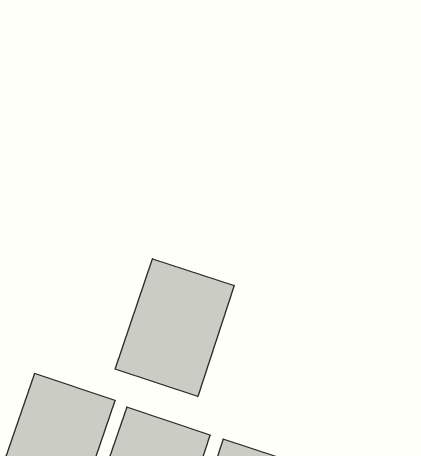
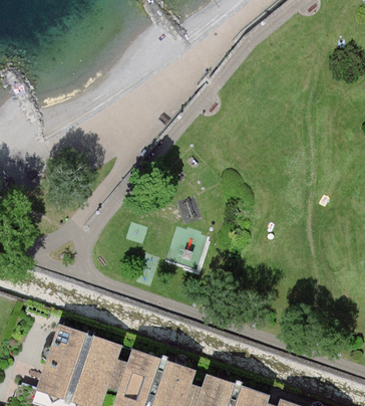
building: [115,259,234,397] -> none

